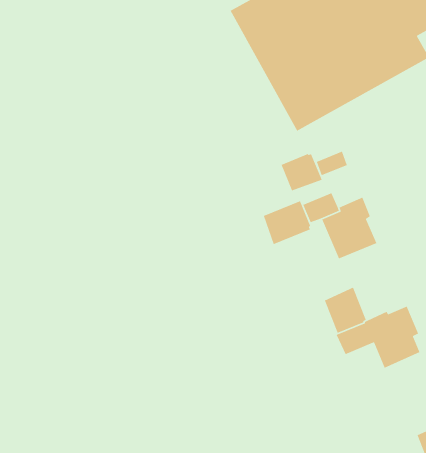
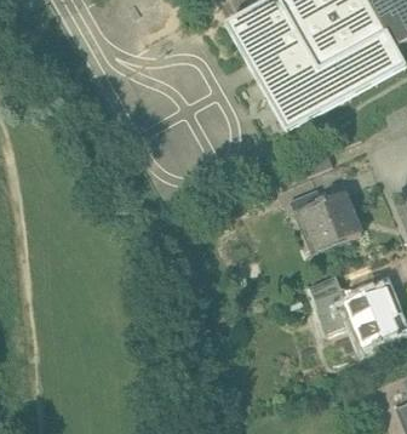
building: [281,153,323,192] -> none
building: [263,200,311,245] -> none

